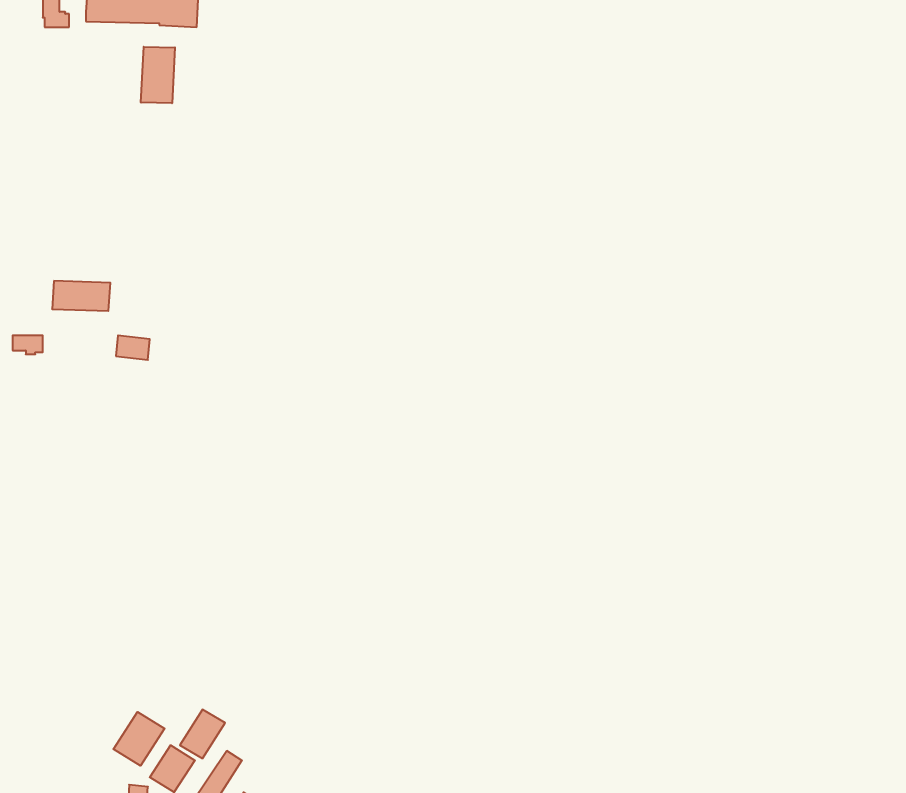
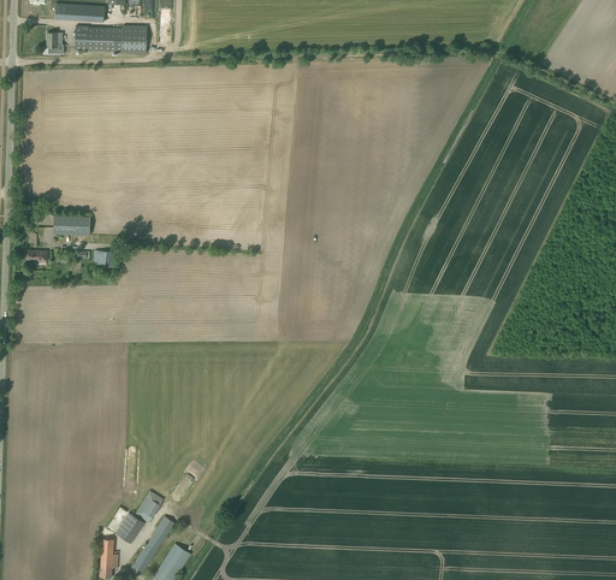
building: [141,47,175,103] -> none
building: [113,712,165,766] -> none

